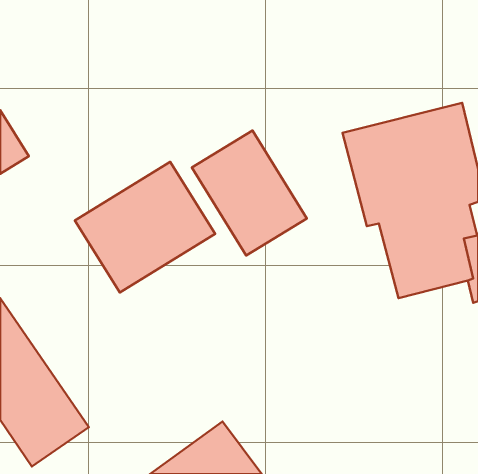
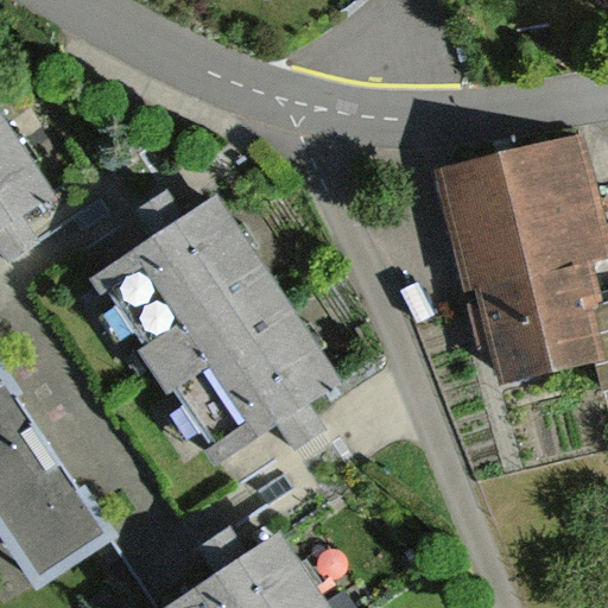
building: [192,130,307,255] -> none
building: none -> [152,297,330,462]

